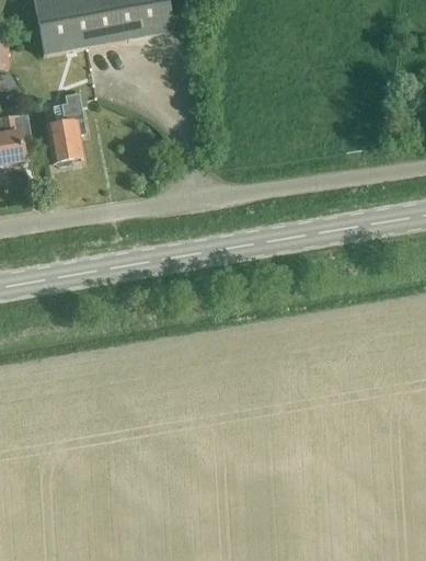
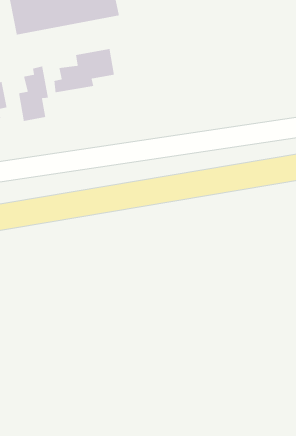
building: none -> [53,48,115,93]

